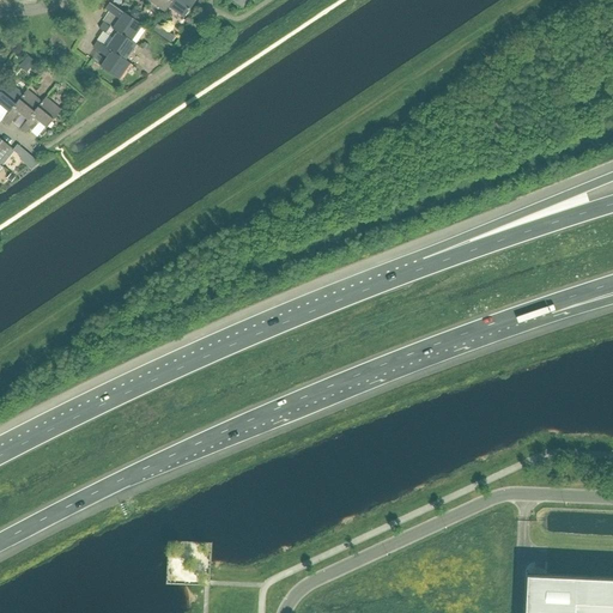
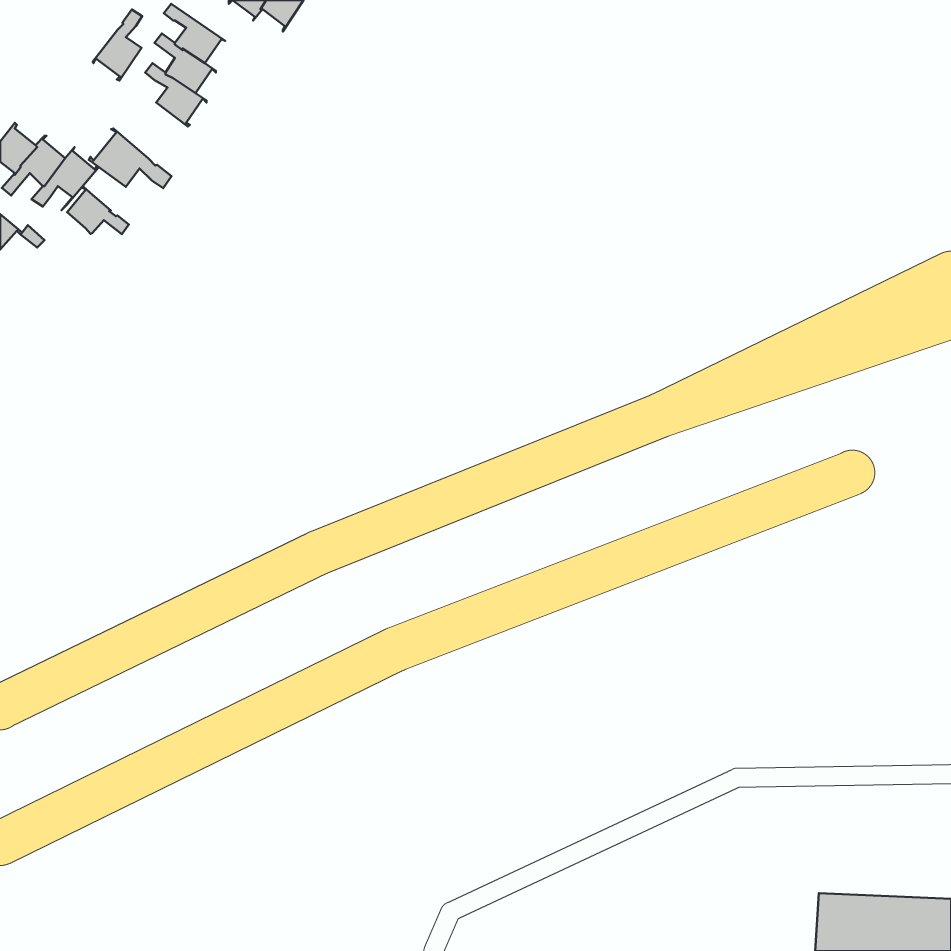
building: none -> [93,10,142,81]
building: none -> [89,128,172,188]
building: none -> [67,187,129,234]

